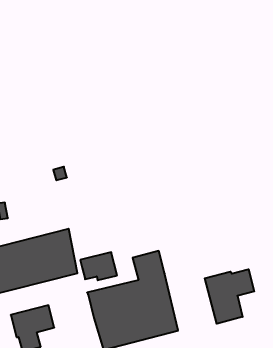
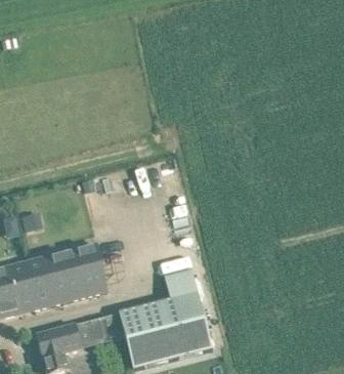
building: [80,252,117,280] -> [85,313,124,342]
building: [205,269,254,324] -> none

